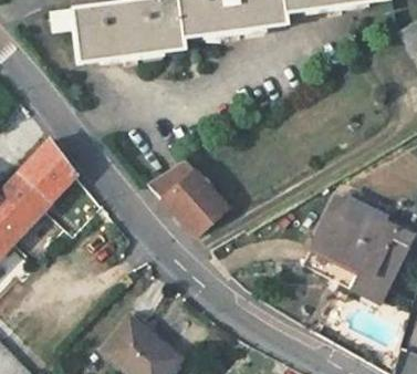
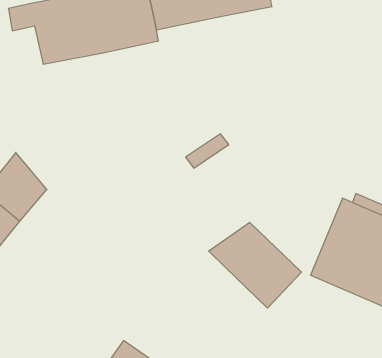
building: [147,159,228,236] -> [209,223,302,308]

